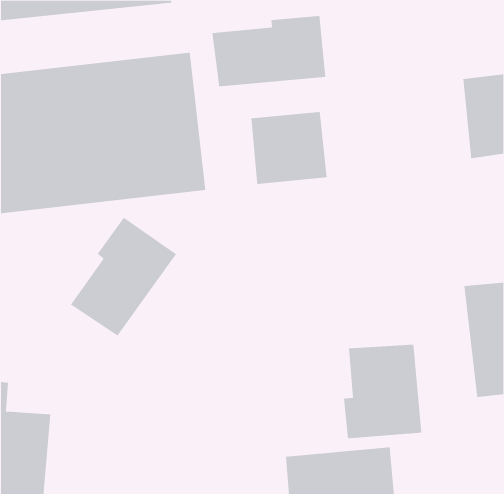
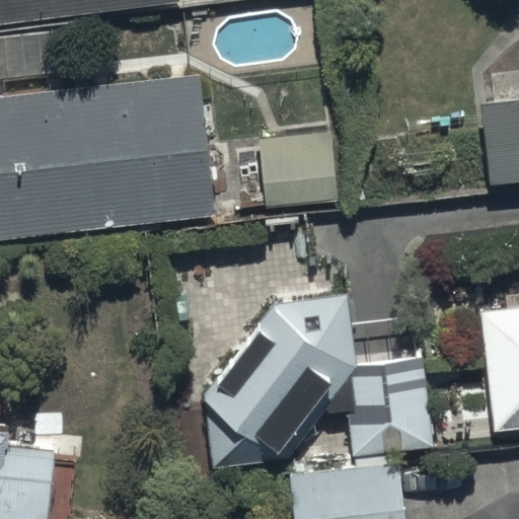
building: [212,15,326,87] -> none
building: [70,217,177,336] -> none
building: none -> [178,303,356,477]

